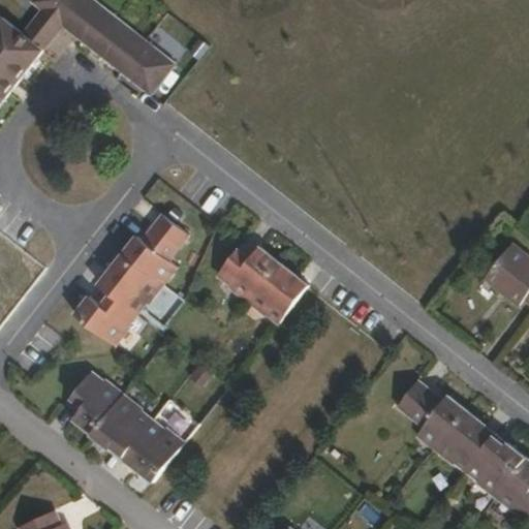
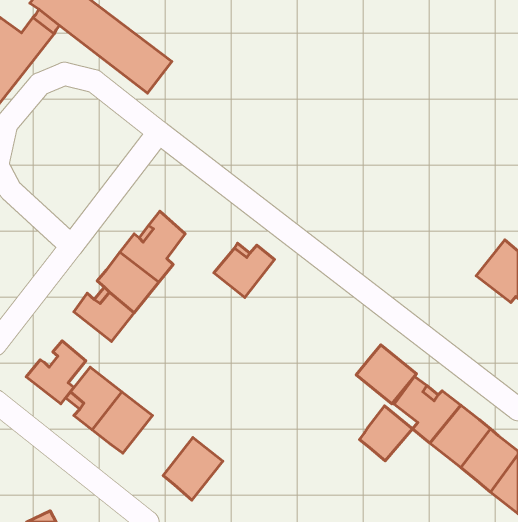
building: [247,261,307,323] -> none
building: none -> [26,341,86,404]
building: none -> [356,345,417,404]
building: none -> [359,406,413,461]
building: [124,418,184,481] -> [163,438,223,500]

